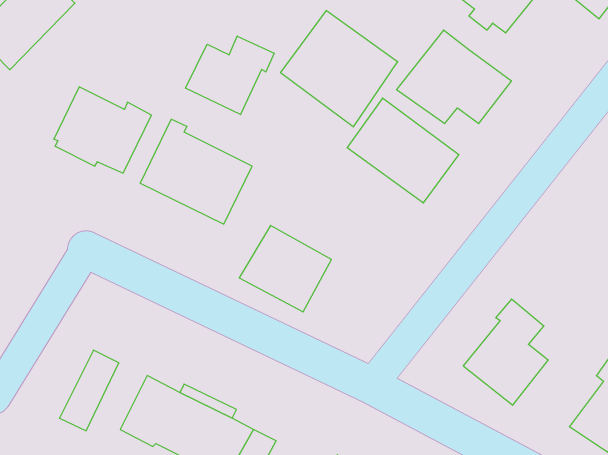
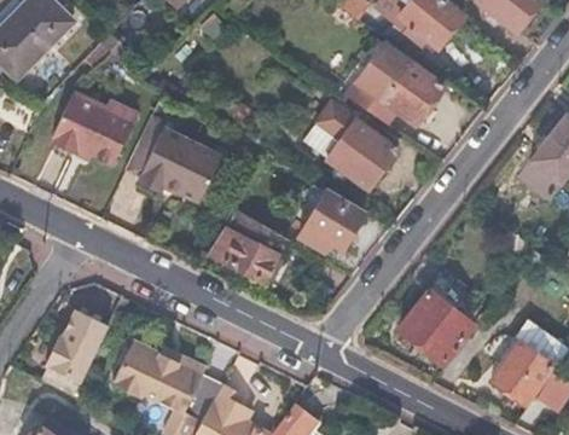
building: [281,11,398,127] -> none
building: [186,36,274,115] -> none
building: none -> [295,191,364,260]

